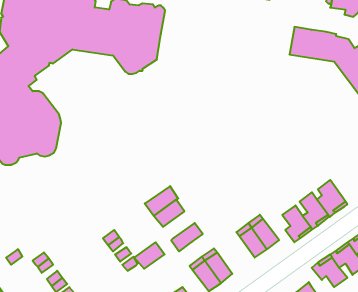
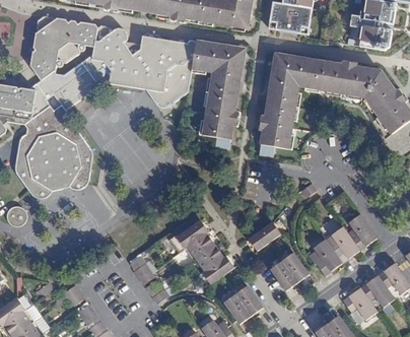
building: none -> [191,41,238,139]
building: none -> [260,59,324,149]
building: none -> [248,222,280,251]
building: [134,242,165,269] -> [193,245,223,271]

